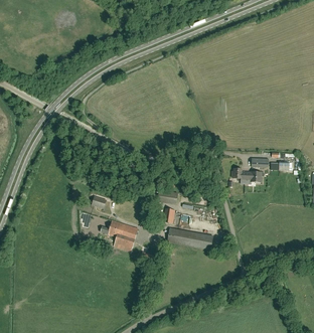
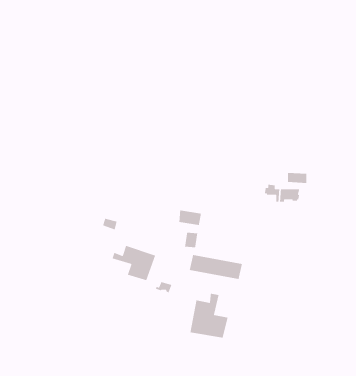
building: none -> [189,293,228,339]

